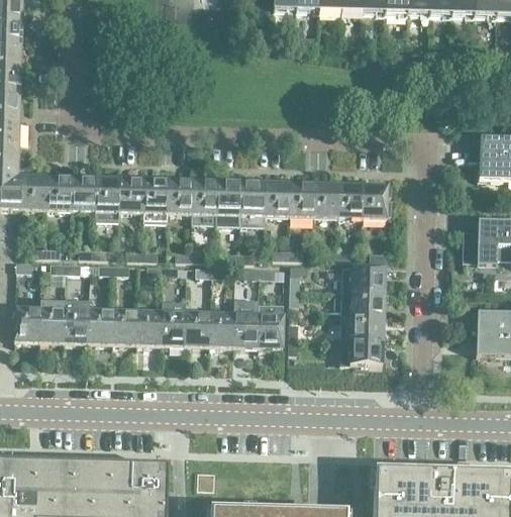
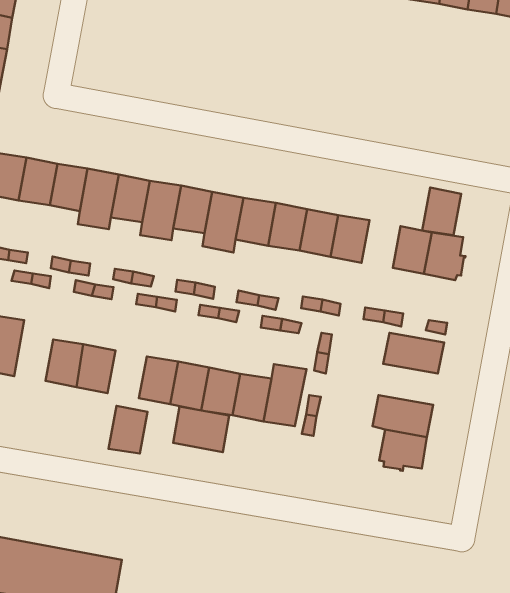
building: [314,183,339,216] -> [422,188,461,235]
building: [342,290,385,315] -> none
building: [65,299,90,342] -> none
building: [137,311,163,344] -> [109,406,148,454]
building: none -> [173,406,229,452]

